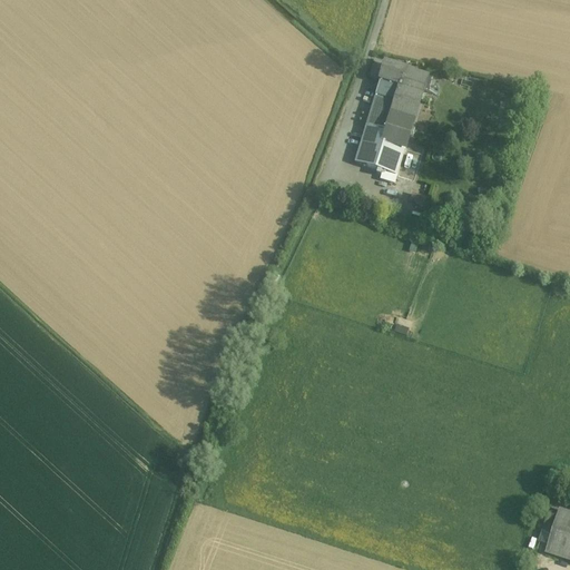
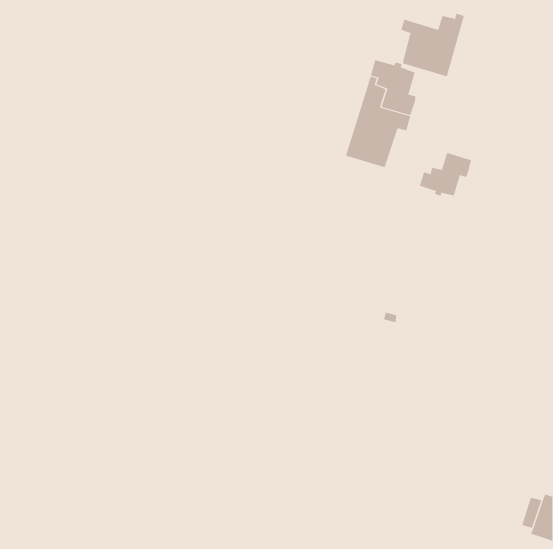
building: none -> [400,13,465,77]
building: none -> [419,152,472,197]

